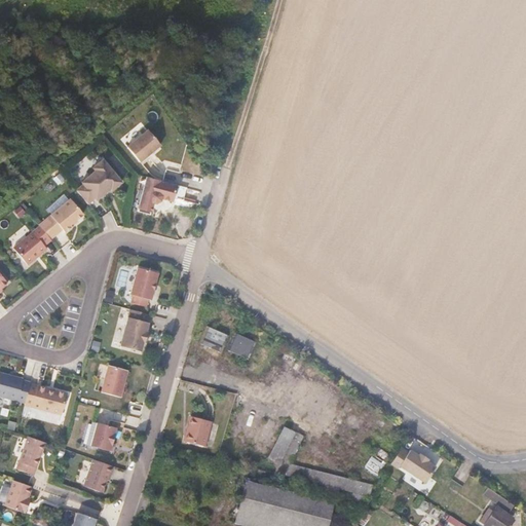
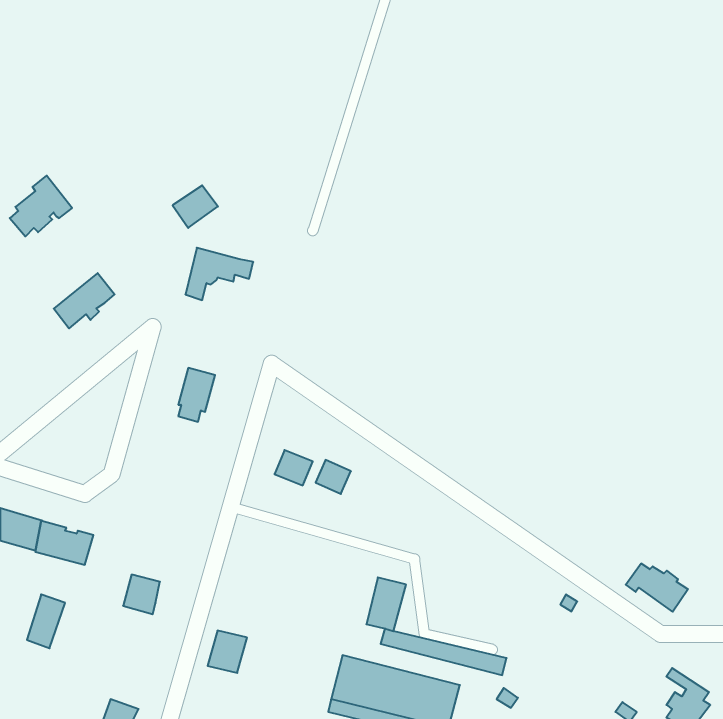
building: [76,161,121,205] -> [10,176,72,236]
building: [14,233,47,266] -> none
building: [119,311,148,352] -> none
building: [101,366,127,397] -> none
building: [184,416,213,447] -> [208,631,247,673]
building: [391,448,437,483] -> [626,564,688,612]
building: [83,456,114,489] -> none
building: [10,479,36,511] -> none

